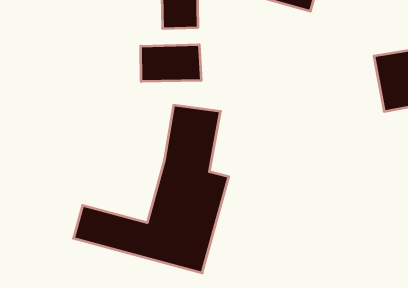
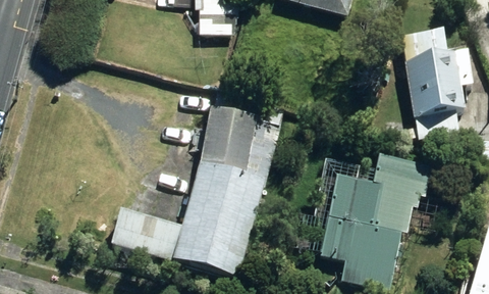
building: [141,45,201,82] -> none
building: none -> [321,153,431,287]

